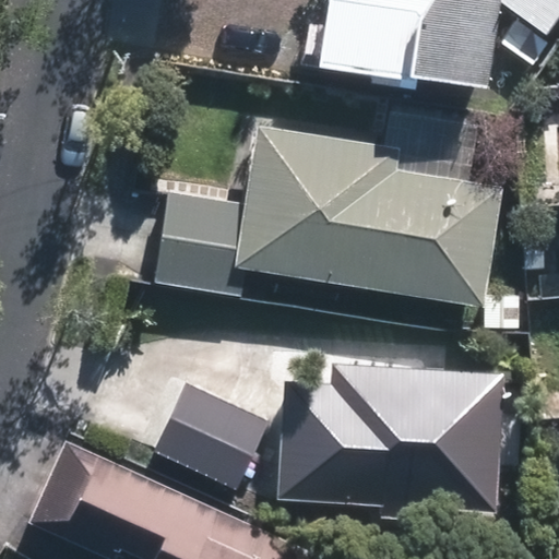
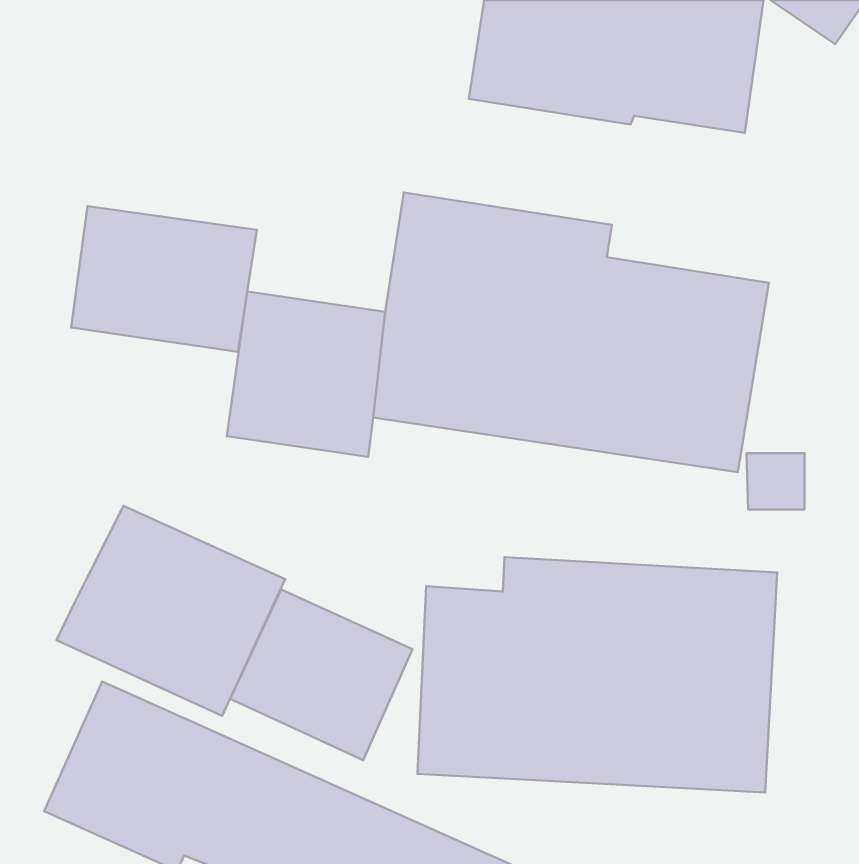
building: none -> [71,206,257,352]
building: none -> [57,506,285,716]

